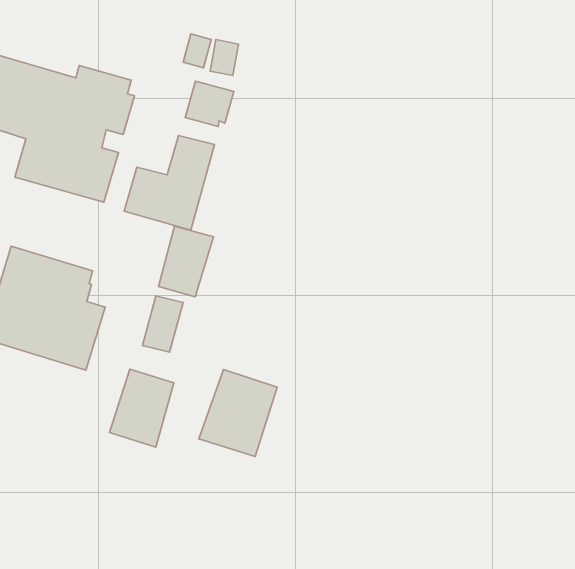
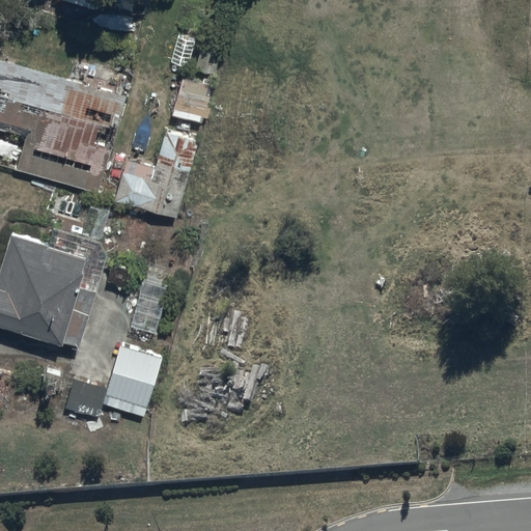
building: [158,226,213,297] -> none
building: [199,370,277,457] -> none

